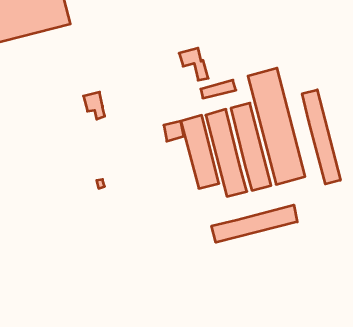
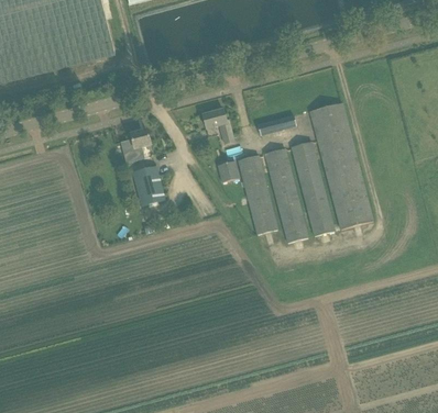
building: [179,48,208,80] -> [202,109,234,144]
building: [302,90,340,184] -> none
building: none -> [133,165,165,205]
building: [212,205,297,242] -> none

